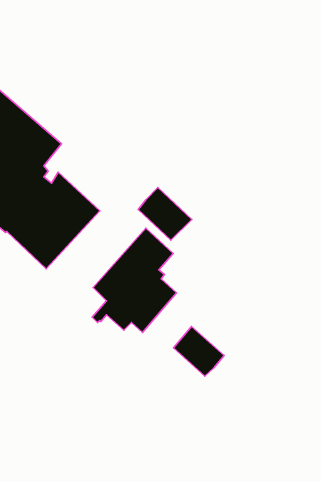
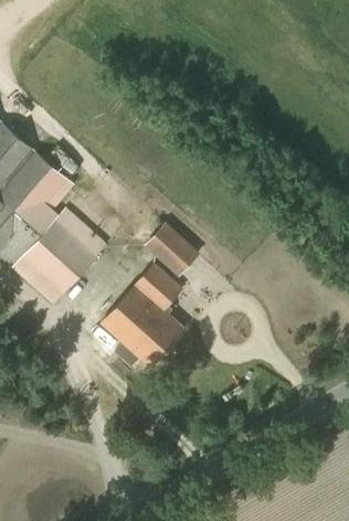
building: [173,326,224,376] -> none

